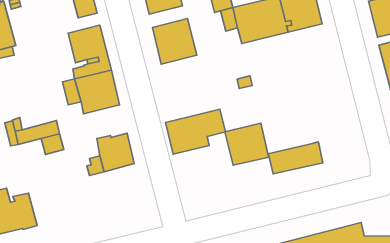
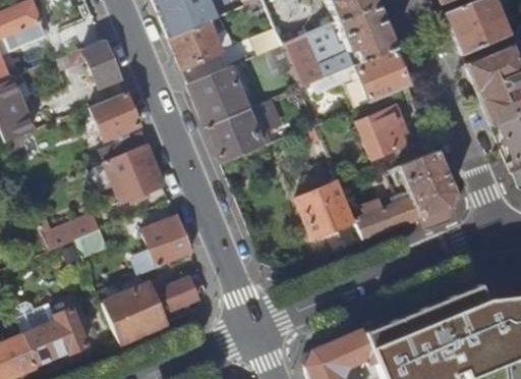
building: none -> [355,49,410,103]
building: none -> [357,106,404,159]
building: [165,109,226,154] -> [208,101,282,164]
building: none -> [400,151,455,217]
building: none -> [104,278,198,343]

